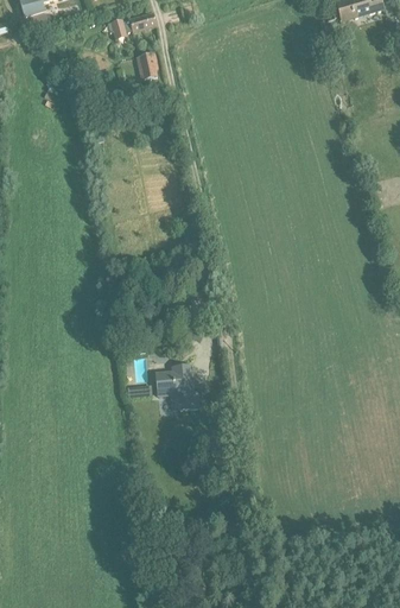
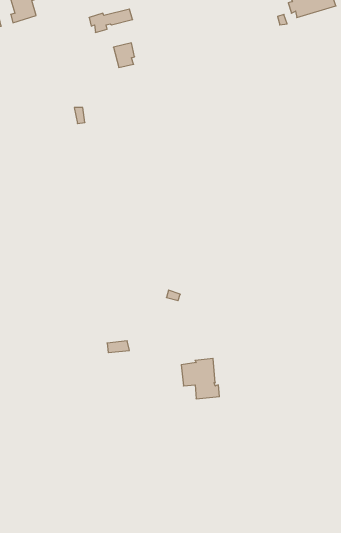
building: [154,363,197,408] -> [181,358,219,399]

